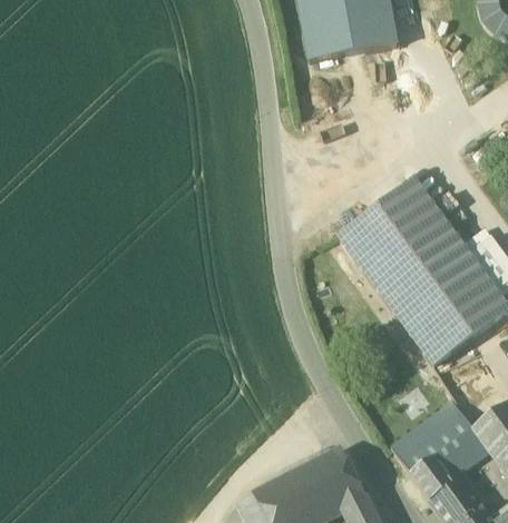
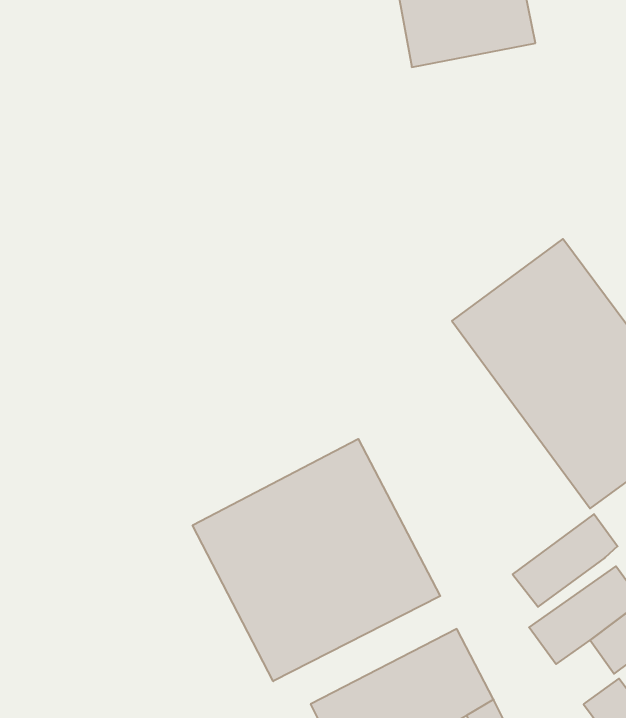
building: none -> [193,439,440,681]
building: none -> [513,514,618,607]
building: [411,456,455,500] -> none

